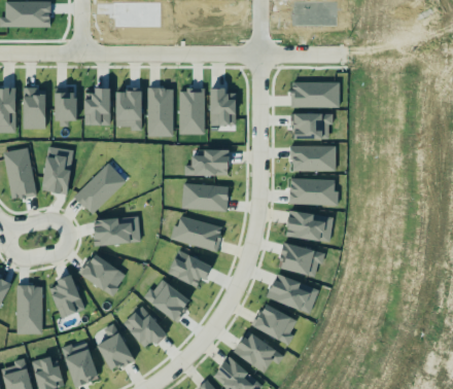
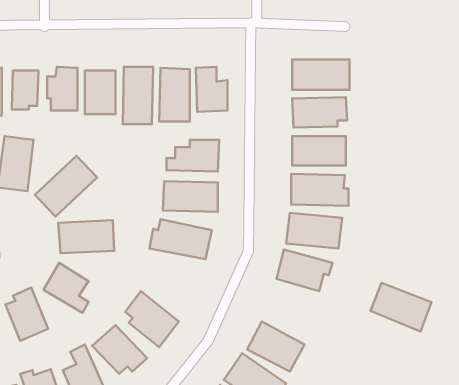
building: [170,253,209,286] -> none
building: [267,273,318,314] -> [371,283,432,332]

